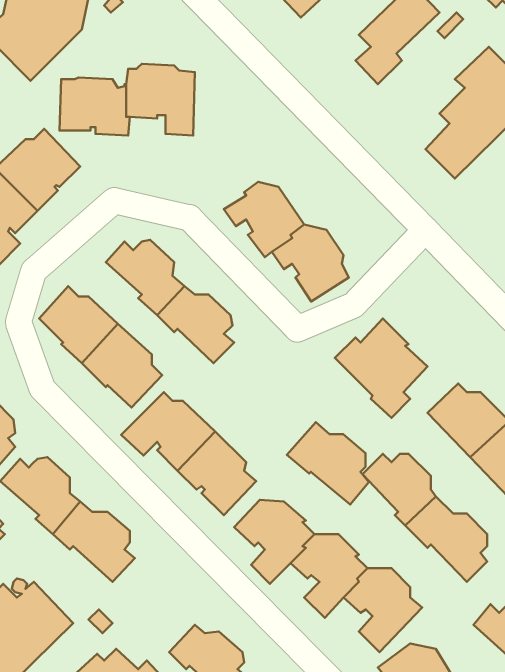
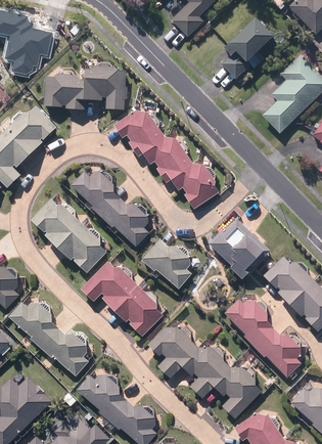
building: none -> [113,109,163,156]
building: [287,422,369,504] -> [141,238,190,287]
building: none -> [76,374,125,417]

